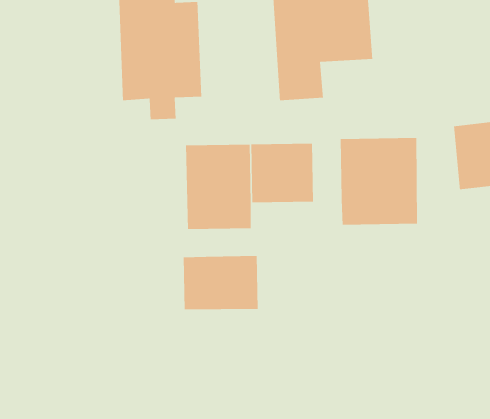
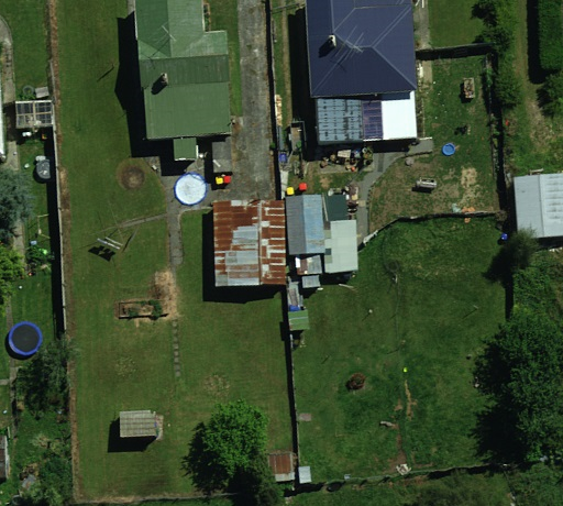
building: [340,137,418,226] -> none
building: [183,255,259,310] -> none

